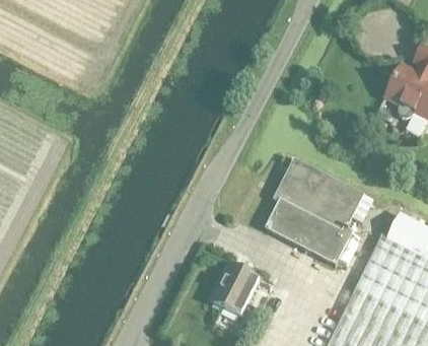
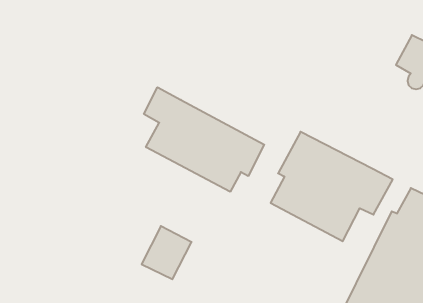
building: none -> [144,87,264,192]
building: [210,264,258,315] -> [142,226,192,279]

